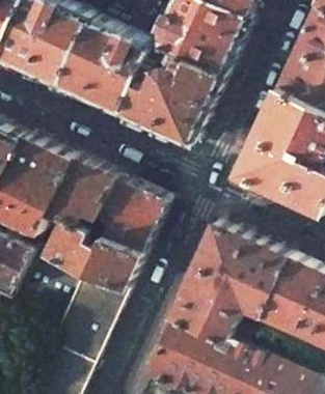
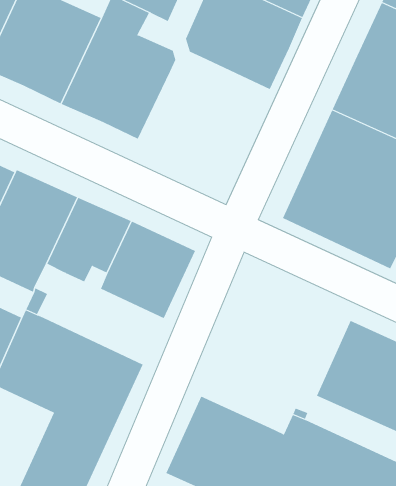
building: [119,50,224,147] -> none
building: [45,221,140,293] -> none
building: [169,225,288,343] -> none

